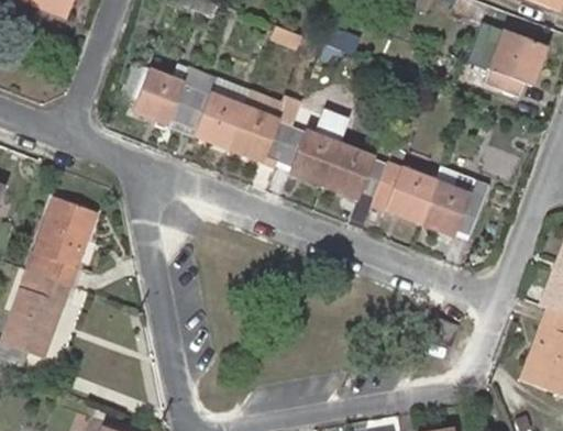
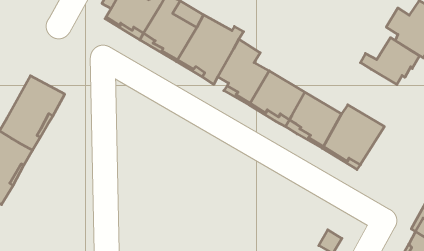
building: none -> [360,38,420,85]

